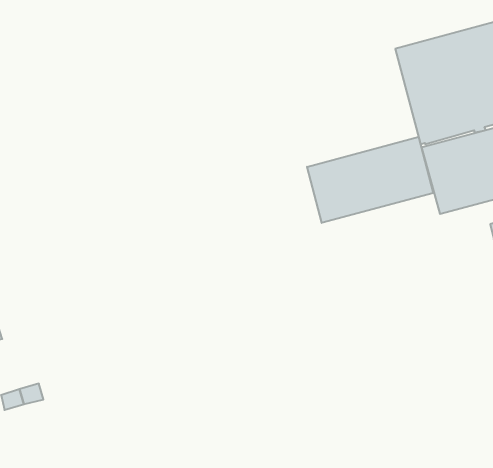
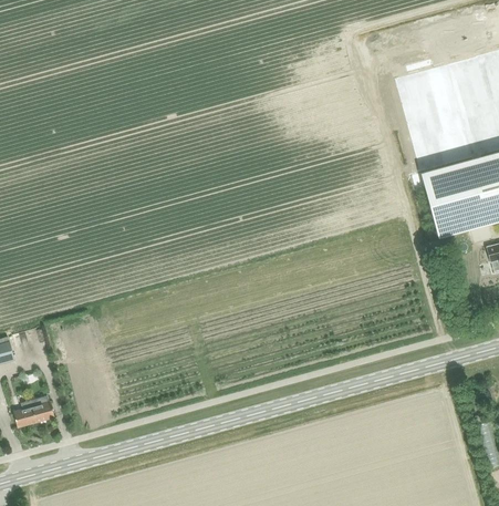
building: [307,137,433,223] -> none

